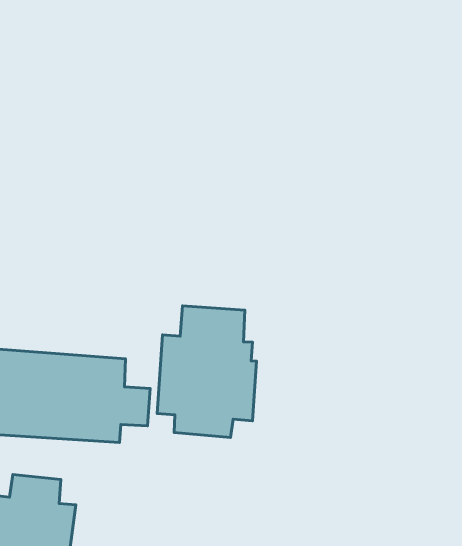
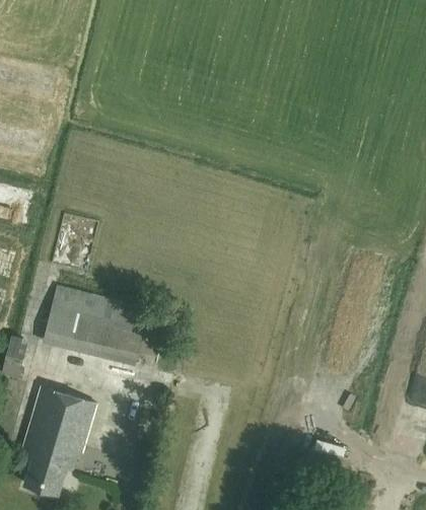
building: [157,306,257,437] -> none

